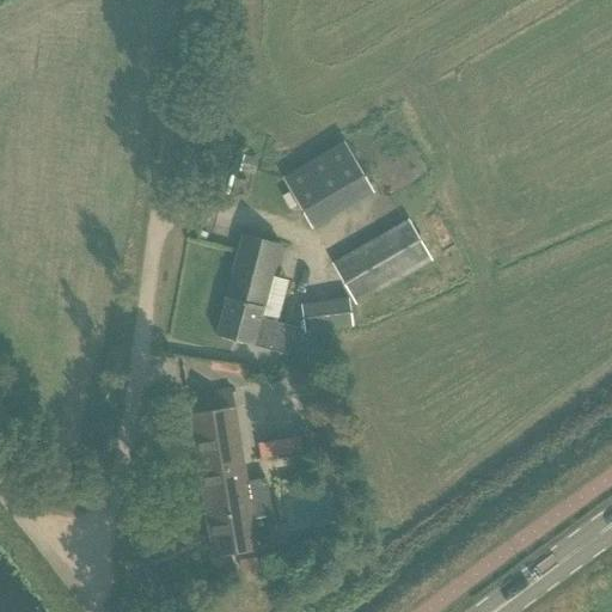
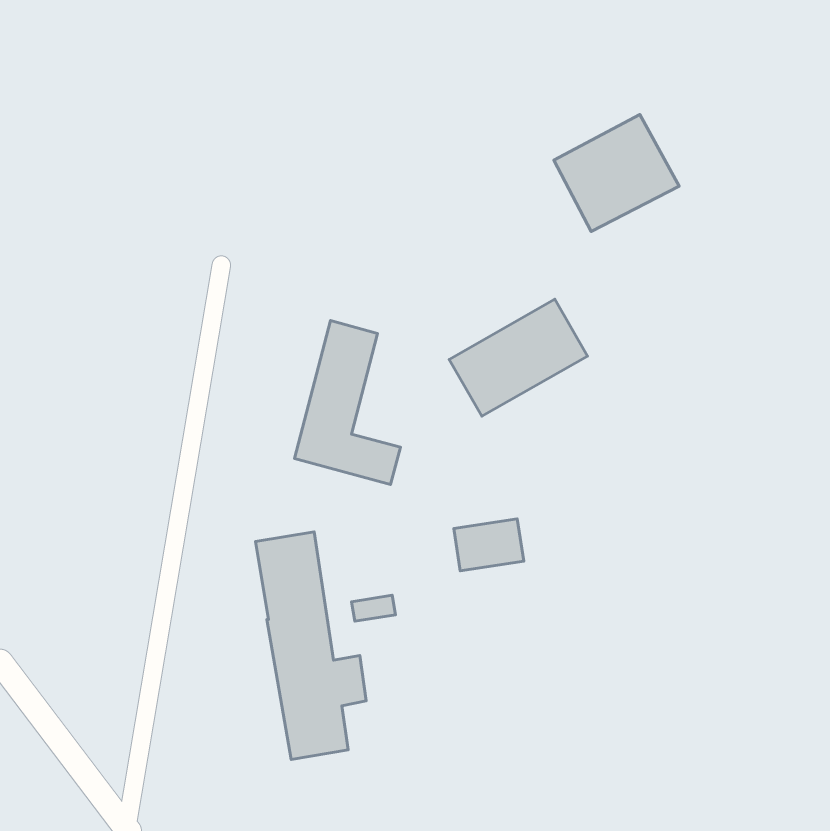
building: [284,140,377,226] -> [554,114,679,232]
building: [301,295,353,333] -> [454,519,524,571]

